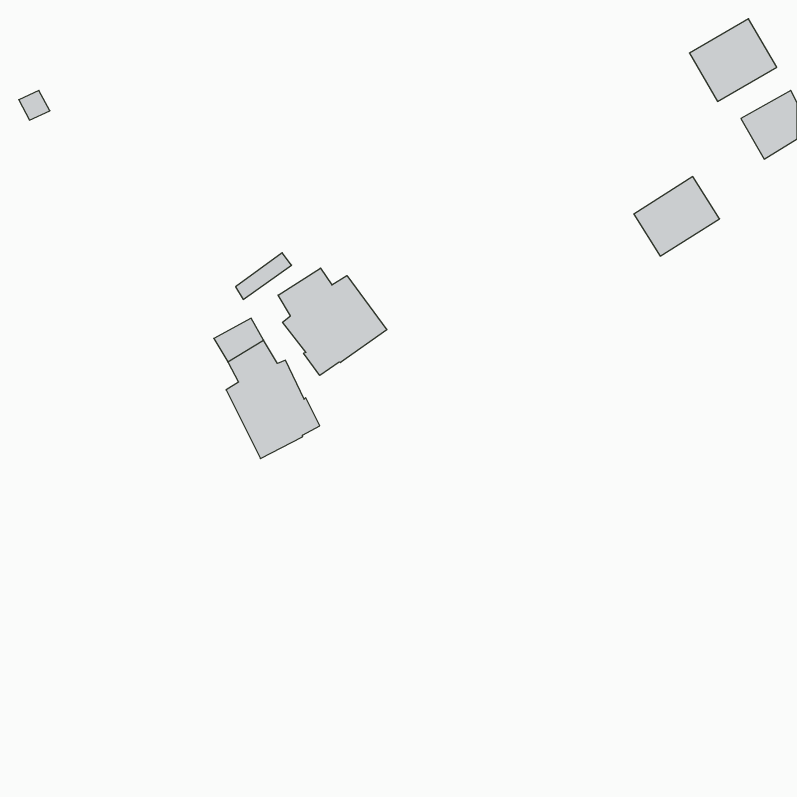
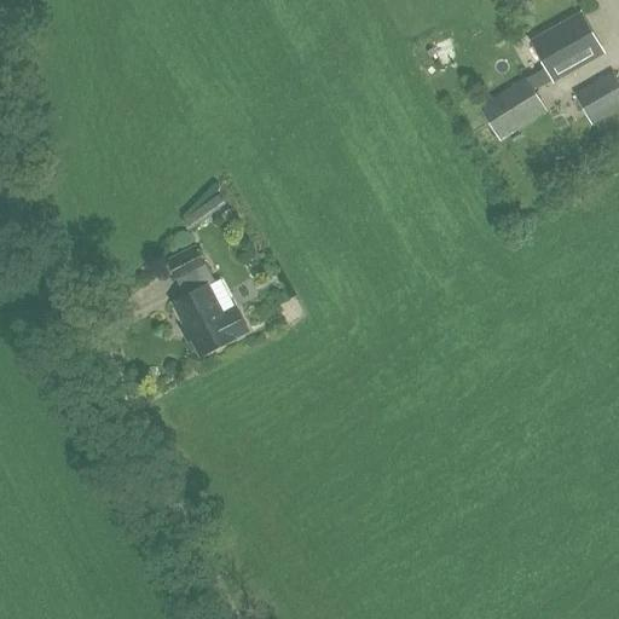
building: [634,177,720,256] -> [480,77,546,139]
building: [278,268,387,375] -> none

